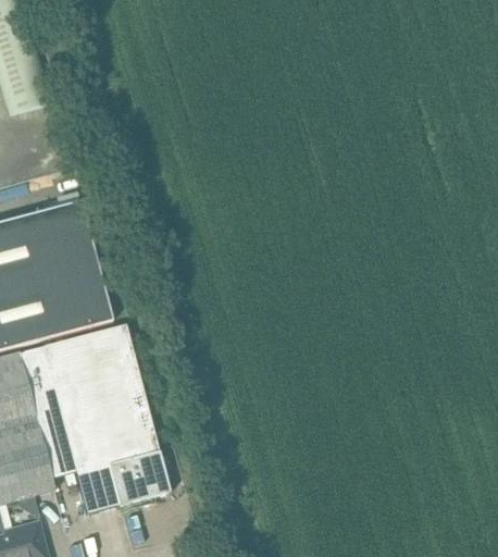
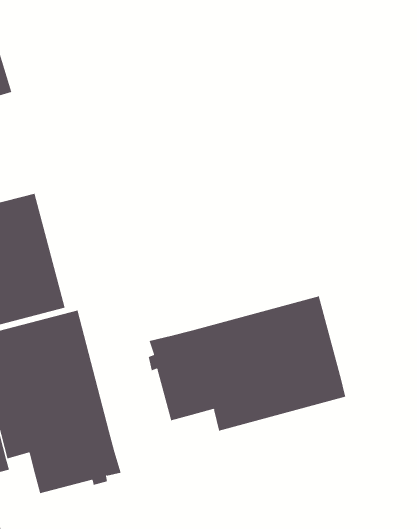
building: none -> [148,295,346,432]

